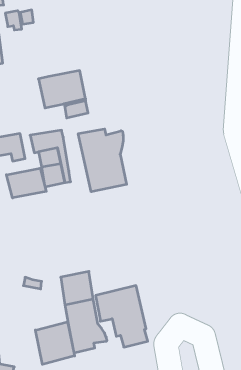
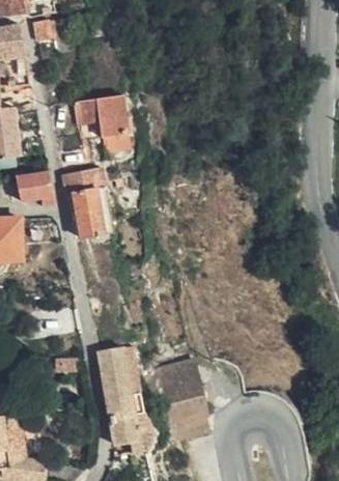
building: [78,129,127,192] -> none
building: [6,168,46,198] -> none
building: [35,322,75,364] -> none

